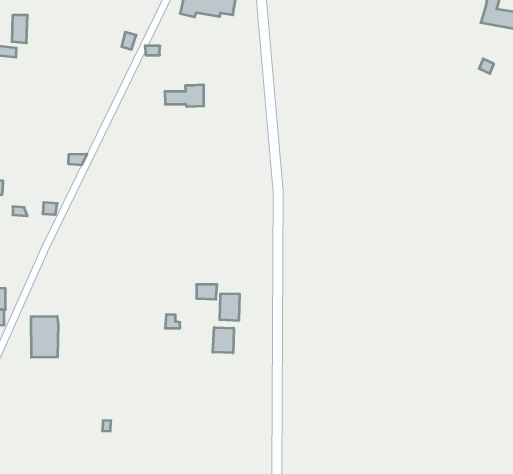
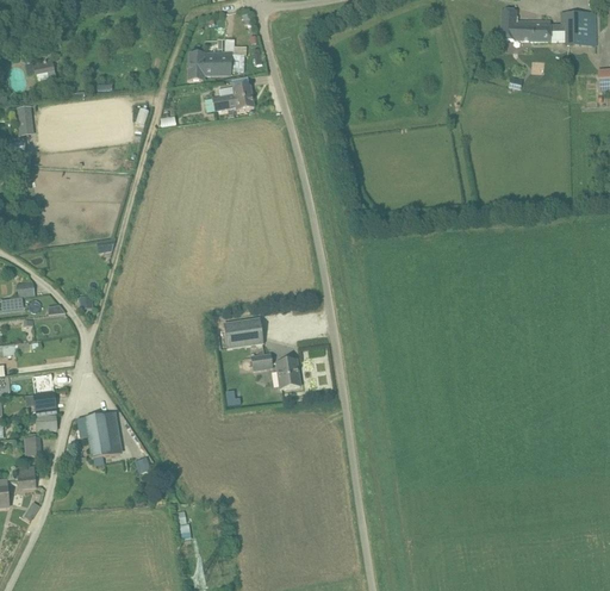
building: [165,85,204,107] -> [212,83,255,110]
building: none -> [224,317,263,347]
building: [213,327,234,353] -> none

